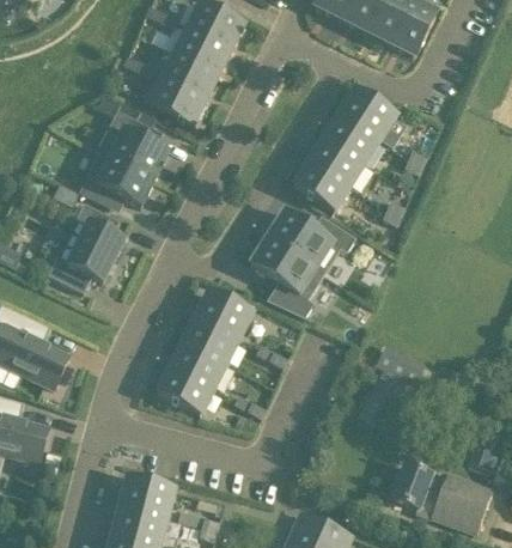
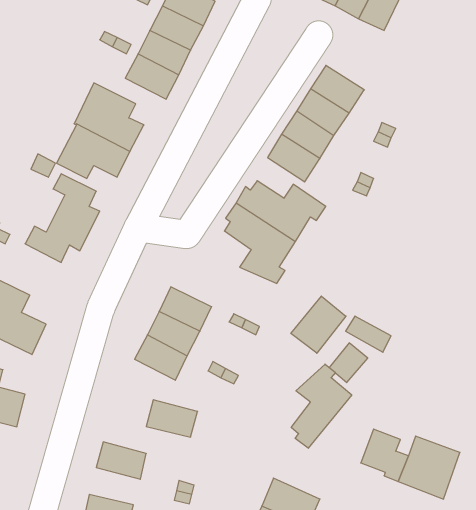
building: [196,293,250,339] -> none
building: none -> [291,296,346,353]
building: none -> [291,364,352,448]
building: [112,504,165,542] -> [146,400,198,437]

